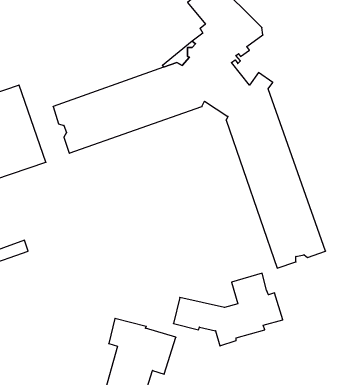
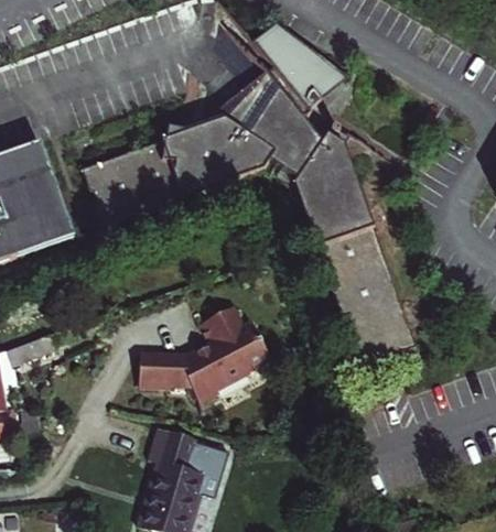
building: [173,273,283,346] -> [138,310,272,399]

